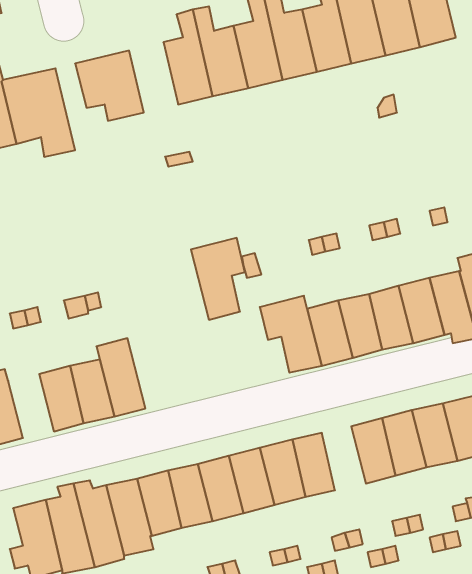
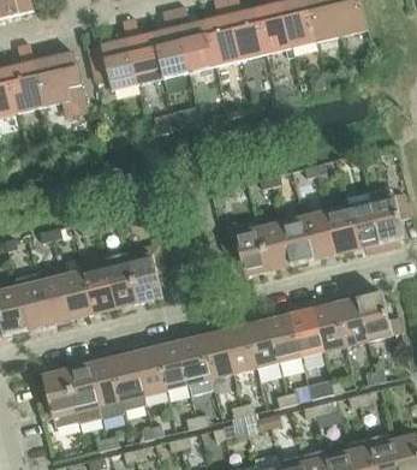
building: none -> [123,18,163,84]
building: [191,238,245,320] -> [126,242,166,302]
building: none -> [38,276,72,323]
building: none -> [269,315,302,362]

